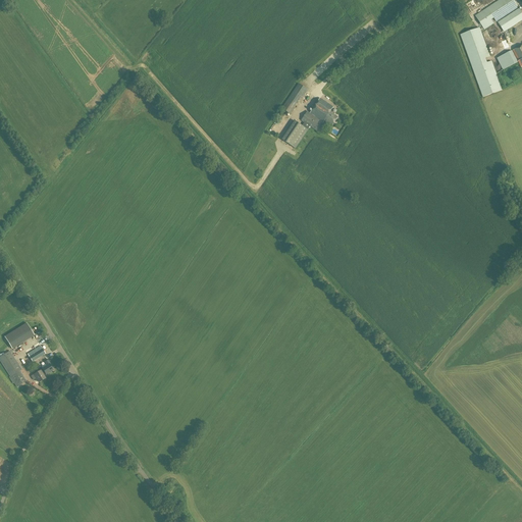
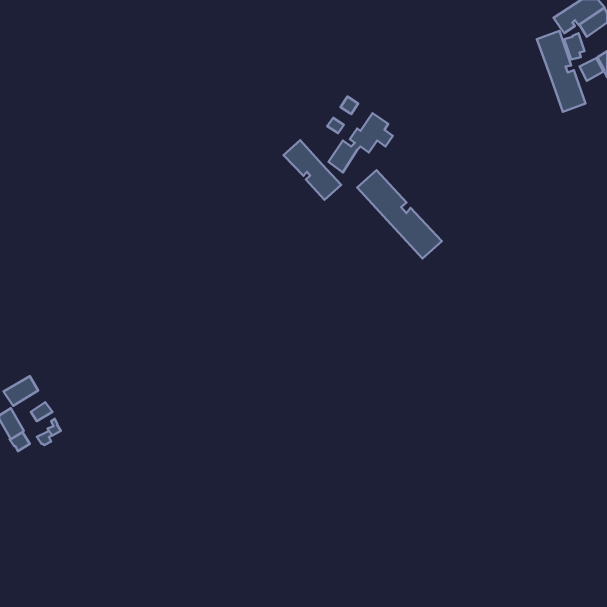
building: none -> [284,140,341,200]
building: none -> [357,170,442,259]

